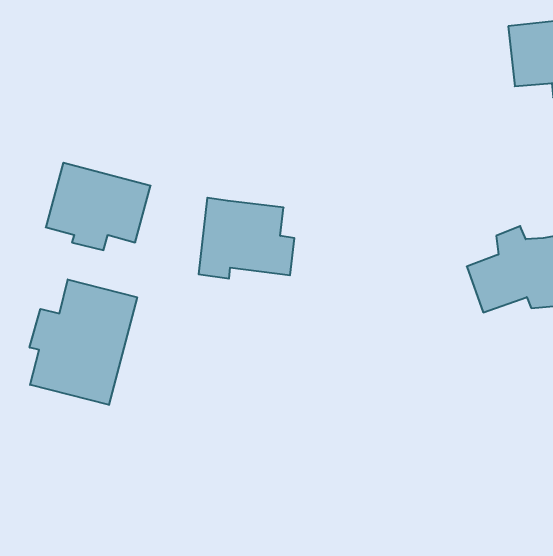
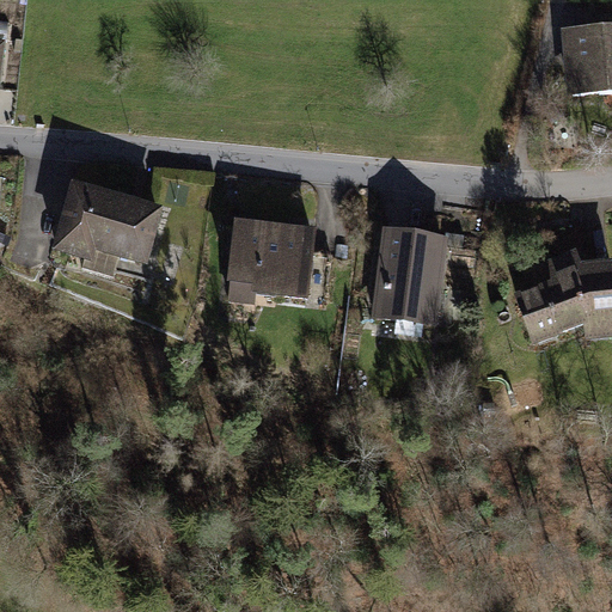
building: none -> [371,226,448,326]
building: [30,279,137,405] -> none

